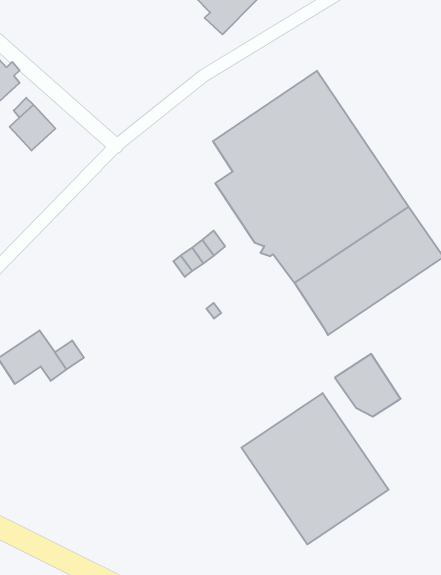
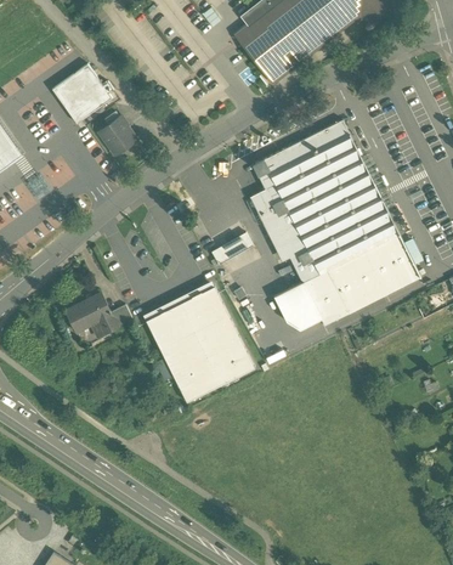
building: [335,354,401,417] -> [272,282,321,330]
building: [241,393,389,544] -> [145,287,254,402]

